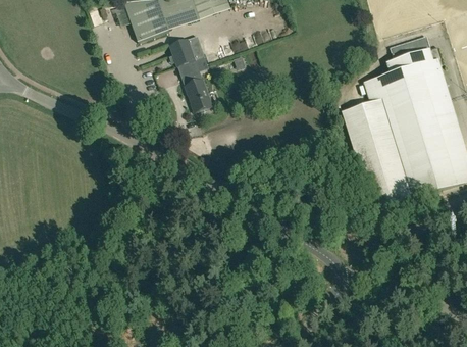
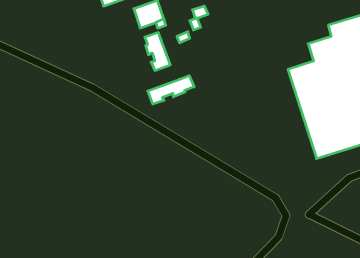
building: none -> [148,76,194,104]

